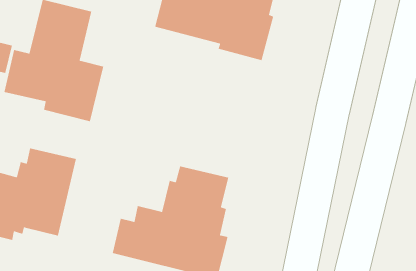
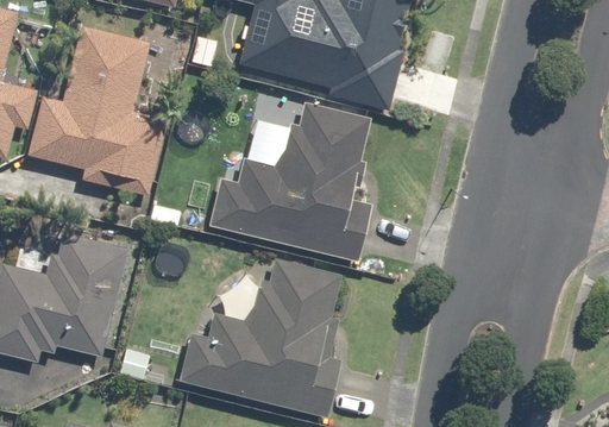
building: none -> [206,100,377,263]

